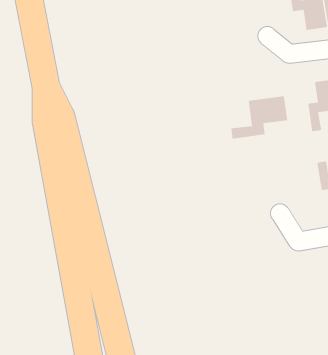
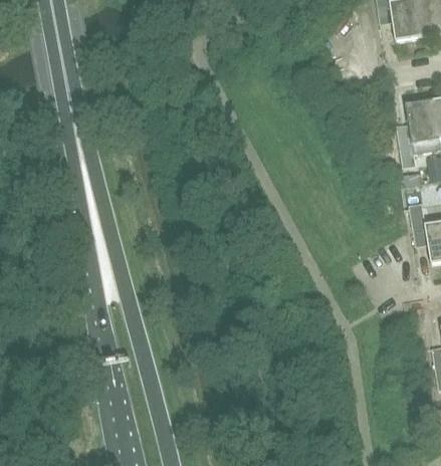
building: [231,96,288,139] -> none

